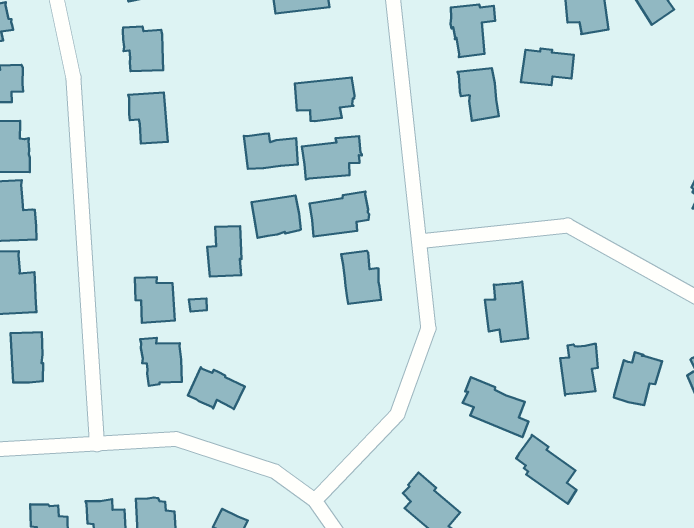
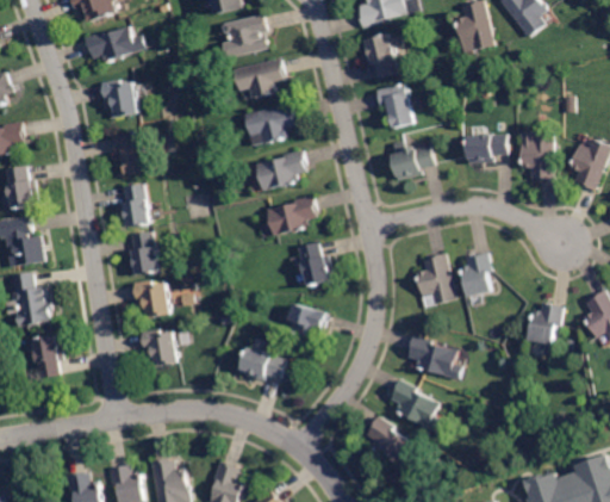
building: none -> [234,58,282,97]
building: [521,49,574,85] -> [466,134,506,162]
building: [244,134,298,169] -> none
building: none -> [390,141,435,180]
building: none -> [519,132,553,180]
building: none -> [119,184,149,227]
building: [252,195,301,238] -> none
building: [207,226,241,277] -> [124,231,154,274]
building: none -> [287,303,326,337]
building: [560,344,598,396] -> [459,253,490,297]
building: [188,367,245,409] -> [243,347,288,379]
building: [516,435,577,504] -> [388,379,440,432]

